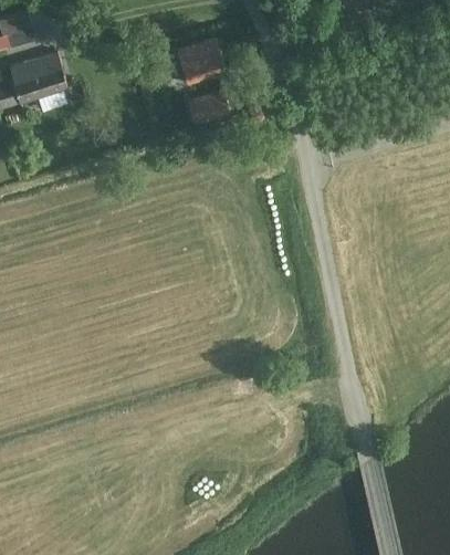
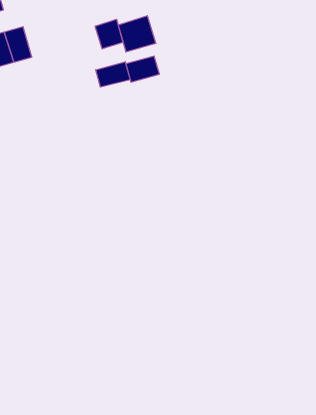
building: none -> [95,19,123,49]
building: none -> [96,62,130,87]

